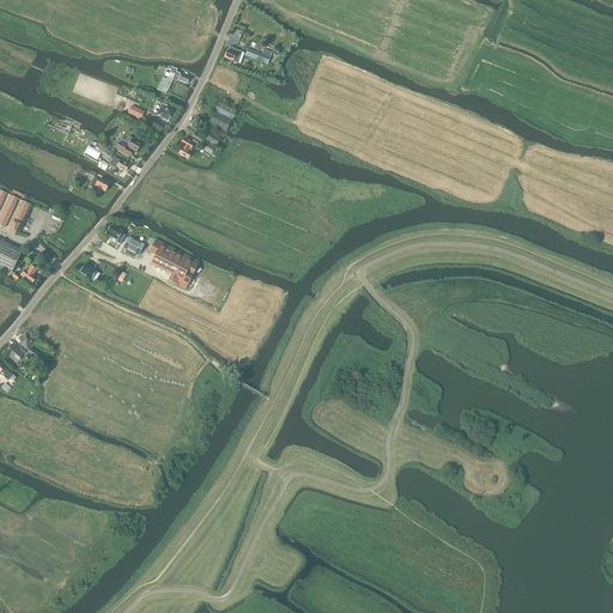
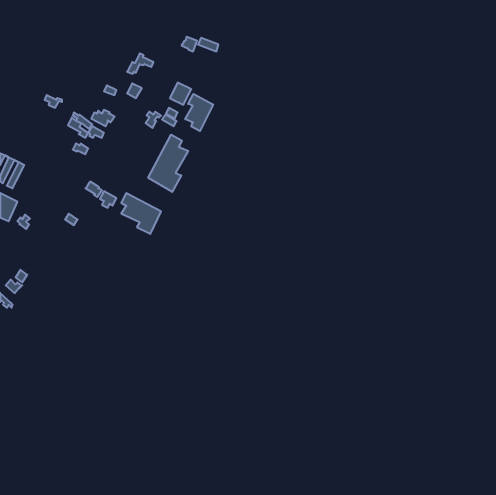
building: none -> [185,94,213,131]
building: none -> [148,135,188,192]

